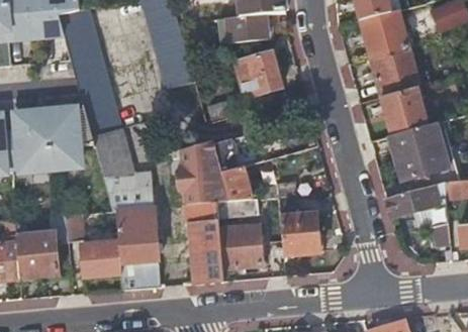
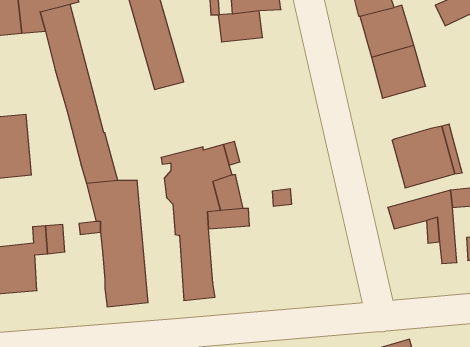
building: [236,50,287,98] -> none
building: [380,86,426,134] -> none
building: [46,108,98,168] -> none
building: [279,215,317,255] -> none
building: [218,226,260,268] -> none
building: [80,242,120,276] -> none

